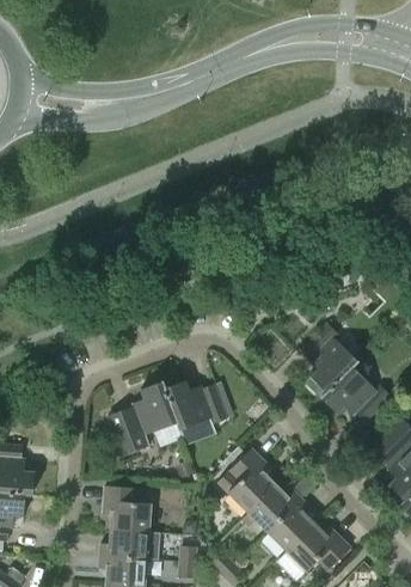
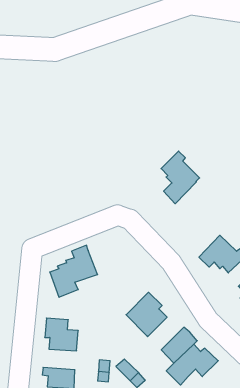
building: [302,323,357,398] -> [161,151,200,204]
building: [165,380,227,429] -> none
building: [240,484,301,531] -> none
building: [100,530,148,560] -> none

